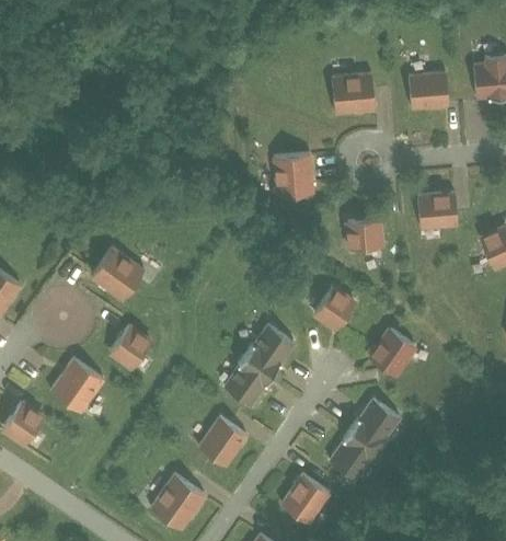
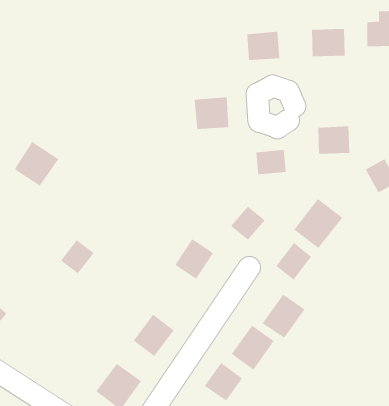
building: [91,246,146,301] -> [14,141,59,187]
building: none -> [294,198,343,249]
building: [57,360,106,411] -> none
building: [226,364,268,406] -> none

